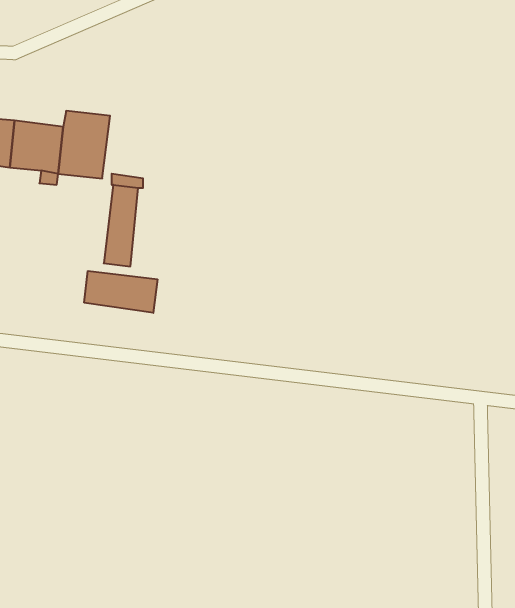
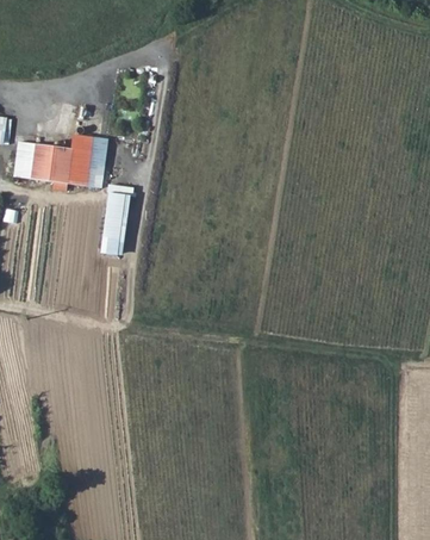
building: [84,271,157,313] -> none

